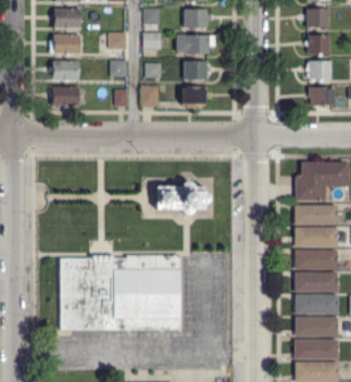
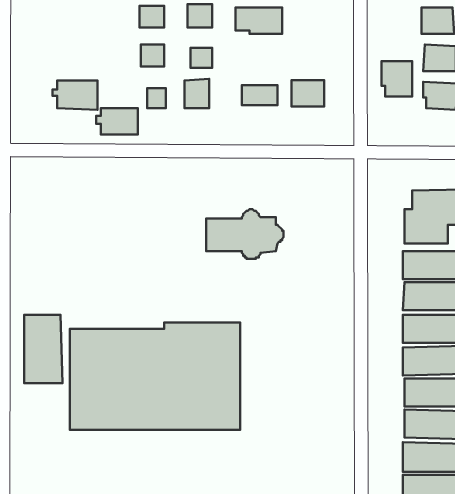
building: [49,35,82,53] -> none
building: [49,61,78,79] -> [96,108,138,135]
building: [184,61,206,79] -> [292,80,324,106]
building: none -> [382,61,412,97]
building: none -> [24,315,62,383]

